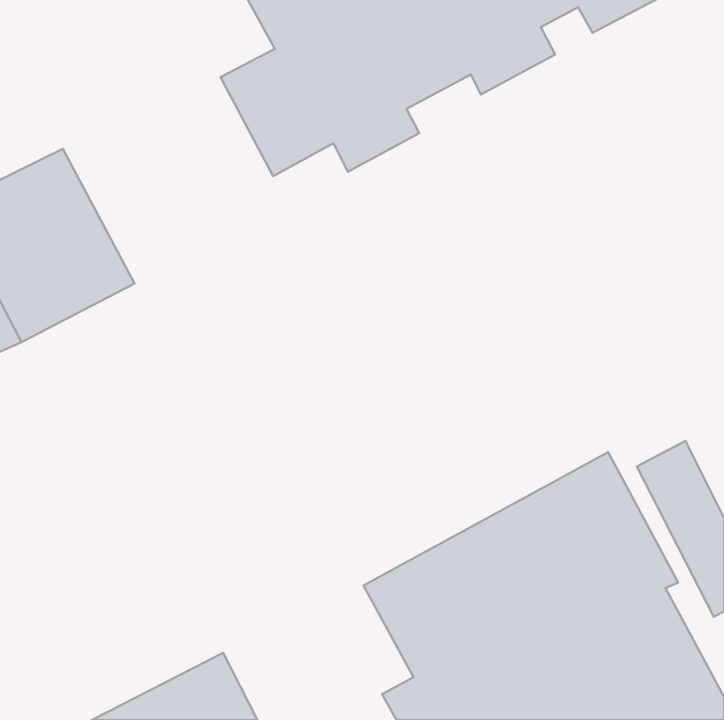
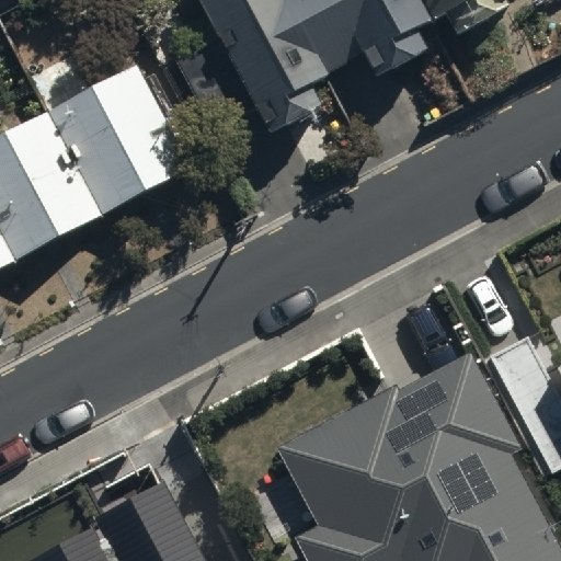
building: none -> [48,69,188,217]

